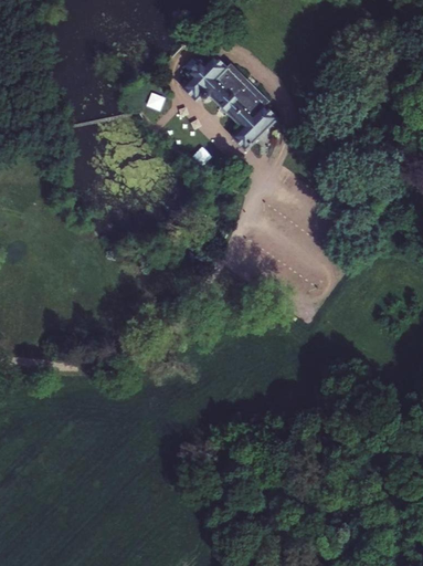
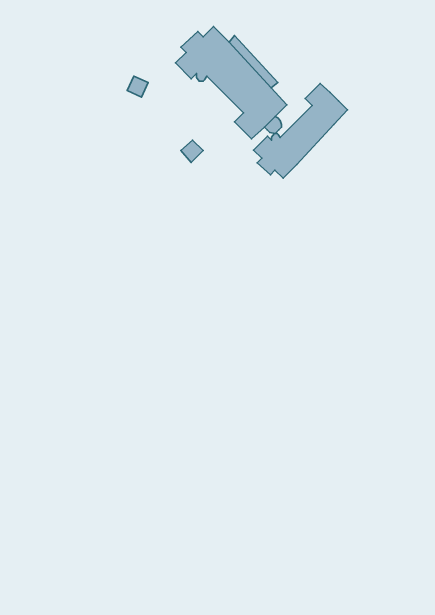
building: none -> [254,84,347,178]

